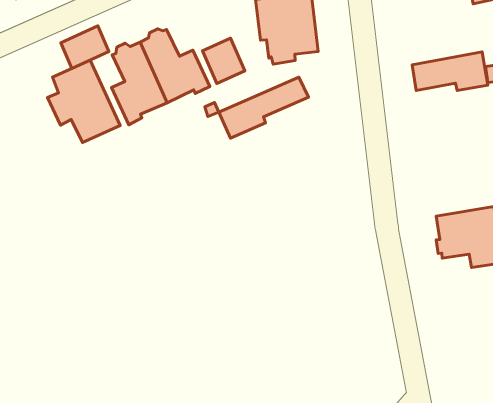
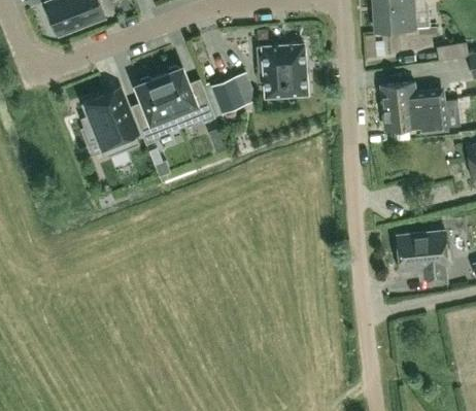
building: [61,26,109,68] -> none
building: none -> [381,81,443,107]
building: [219,77,308,138] -> none

